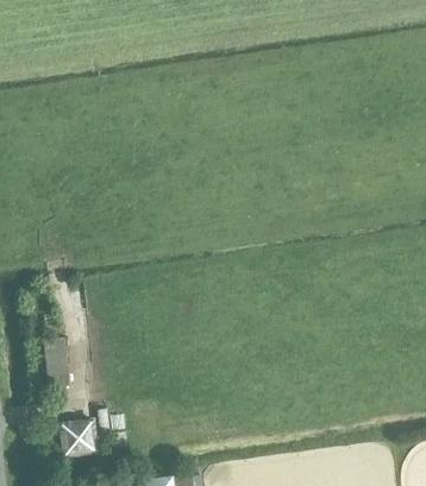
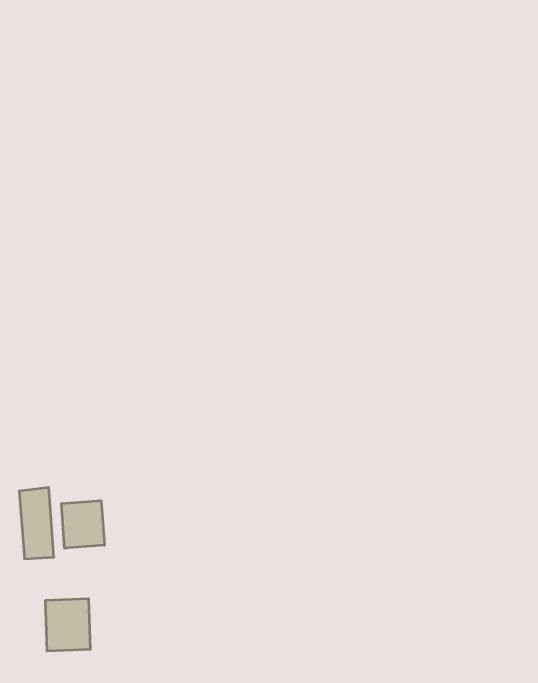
building: none -> [61,501,104,548]

